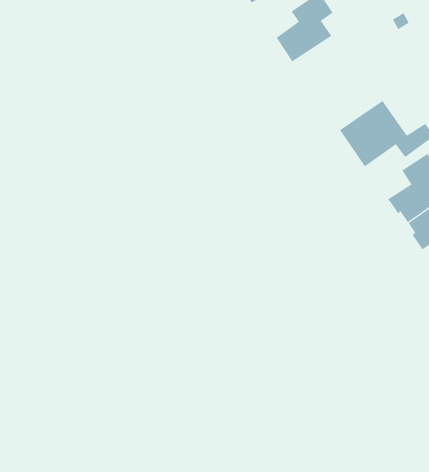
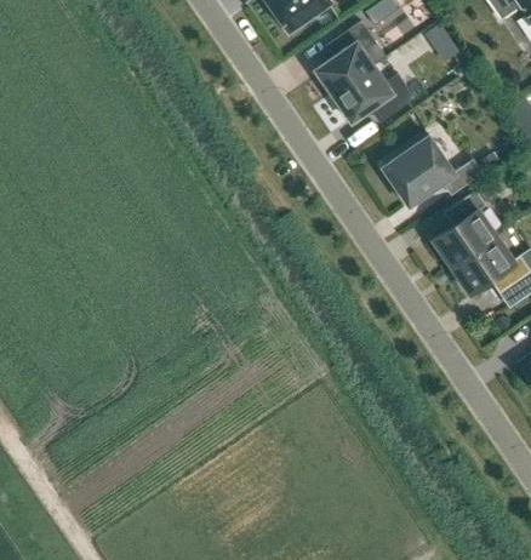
building: none -> [333,67,416,121]

